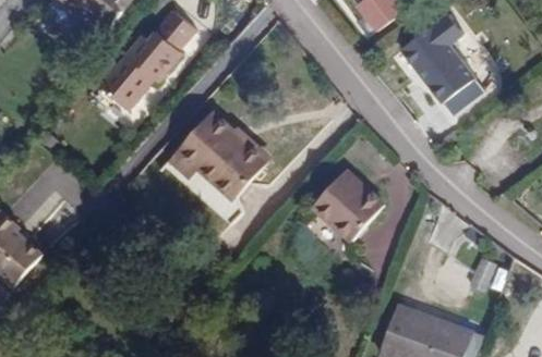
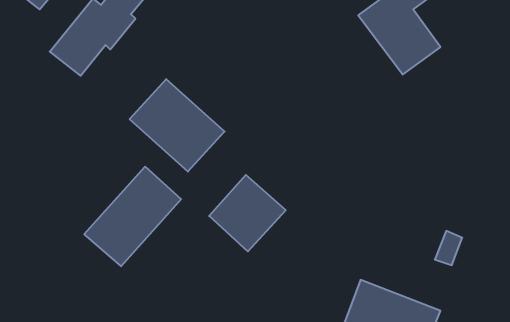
building: [312,169,385,242] -> [209,175,286,251]
building: none -> [84,167,181,266]

